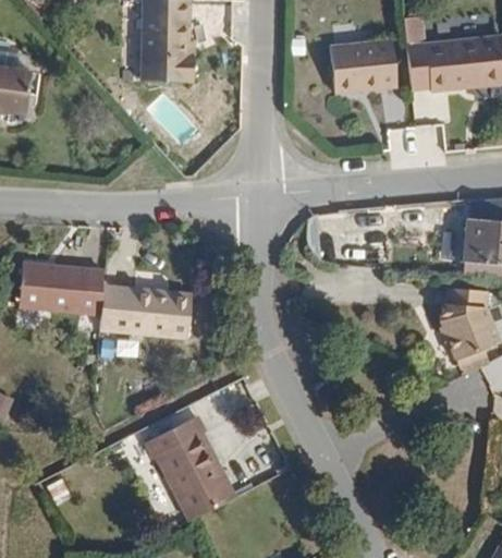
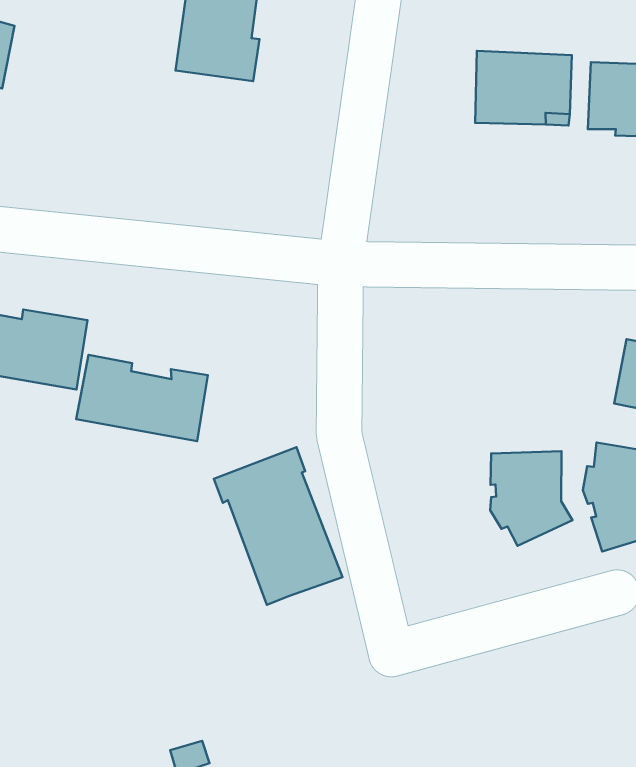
building: none -> [490,451,572,546]
building: [148,411,241,518] -> [214,447,342,605]

